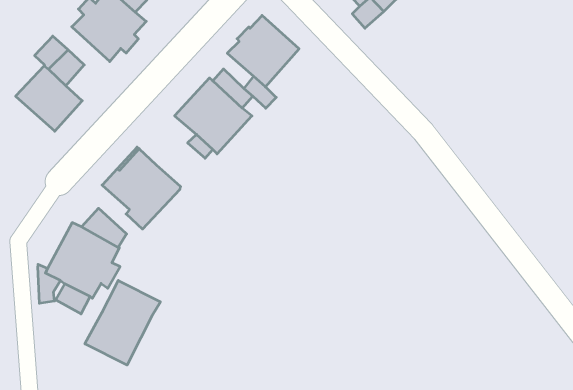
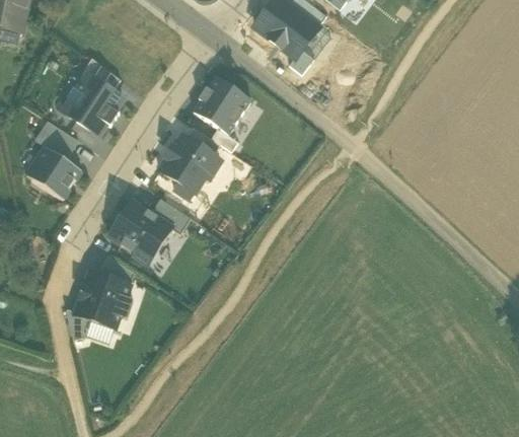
building: none -> [149,198,190,234]
building: [85,280,160,365] -> none

